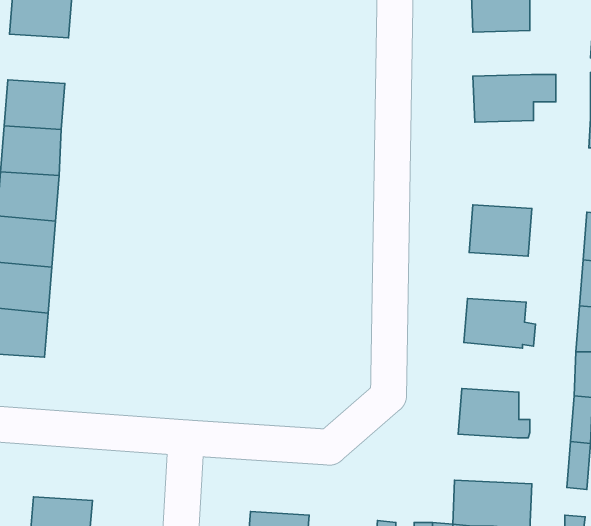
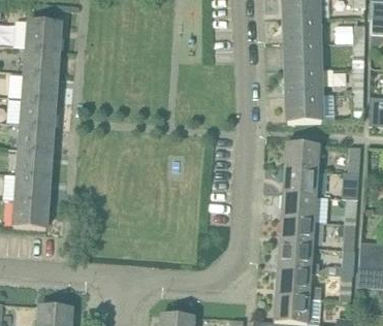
building: none -> [286,44,319,70]
building: none -> [25,46,59,74]
building: none -> [287,95,321,122]
building: none -> [283,169,317,197]
building: none -> [280,220,314,248]
building: none -> [276,271,320,299]

